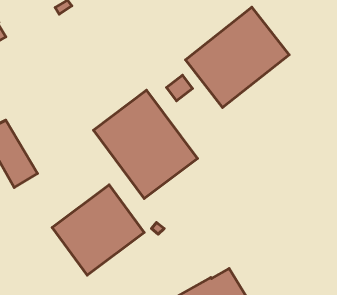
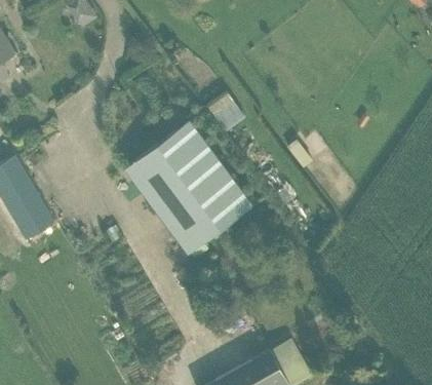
building: [185,7,289,107] -> none
building: [52,185,144,275] -> none

